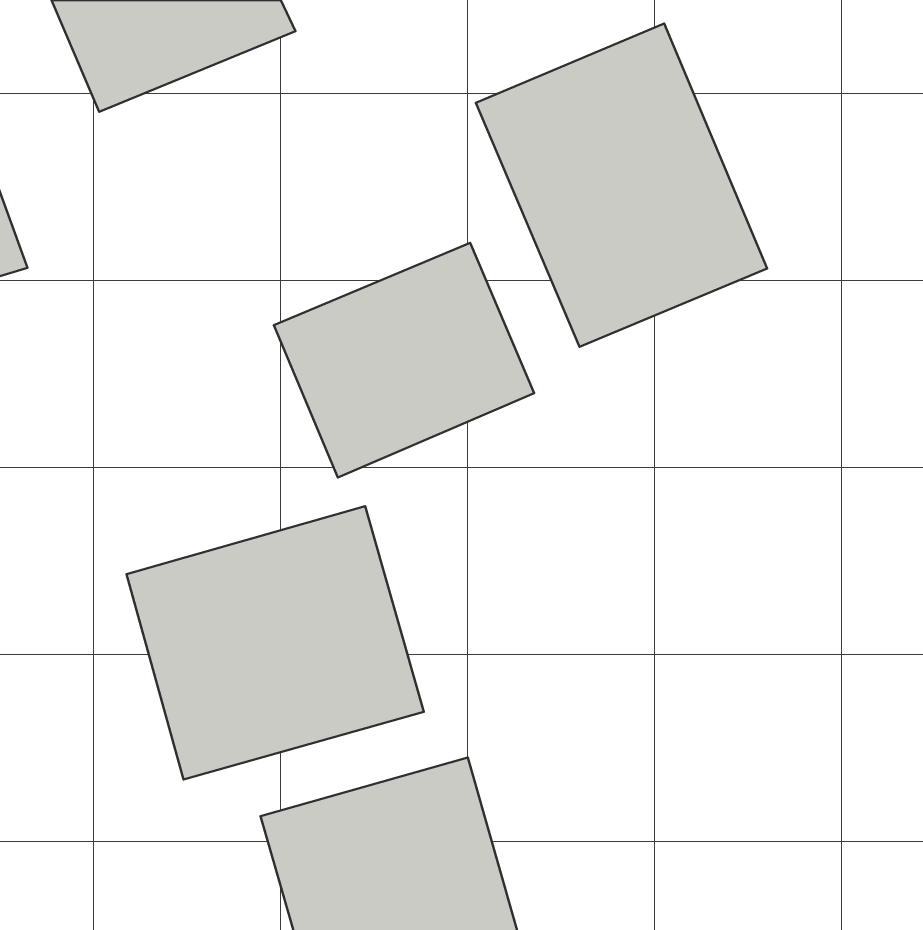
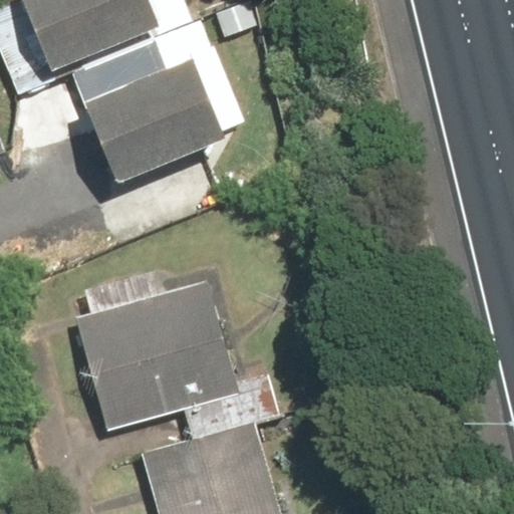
building: [476,23,767,347] -> none
building: [274,243,534,478] -> [88,53,231,182]

